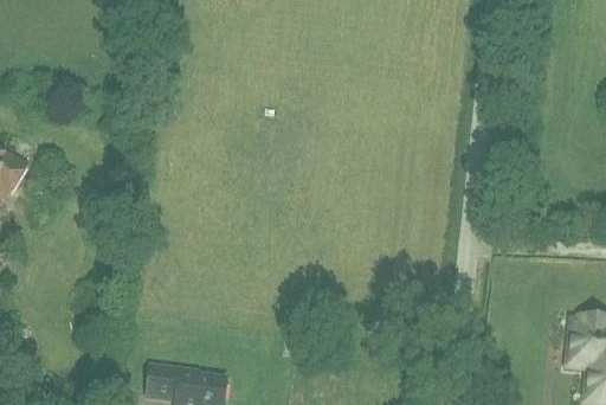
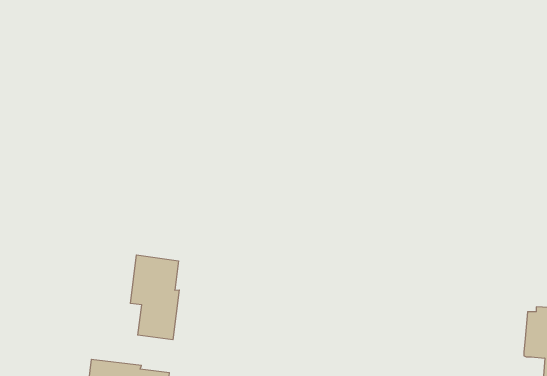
building: none -> [130,255,179,340]

